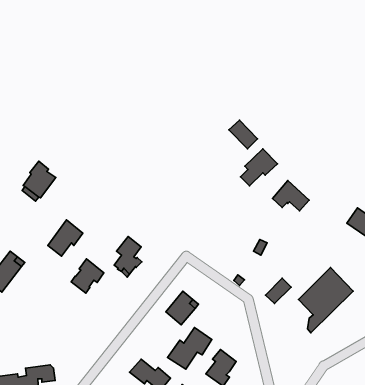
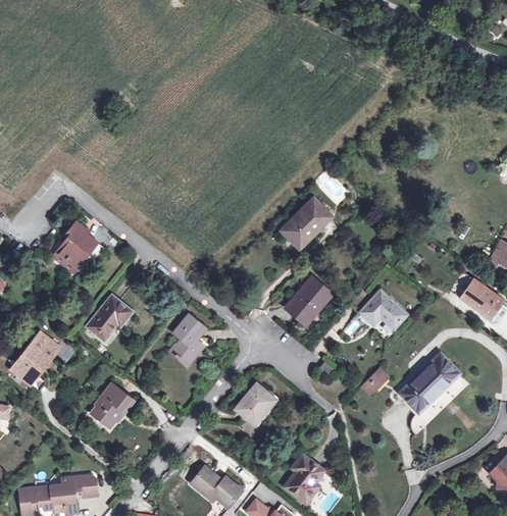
building: [241,149,277,186] -> [286,198,332,244]
building: [272,180,309,211] -> [360,290,406,327]
building: none -> [286,276,332,324]
building: [71,259,104,293] -> [92,383,133,426]
building: [167,327,212,369] -> none

